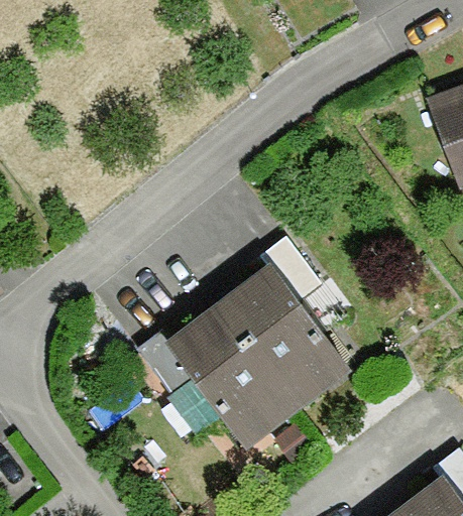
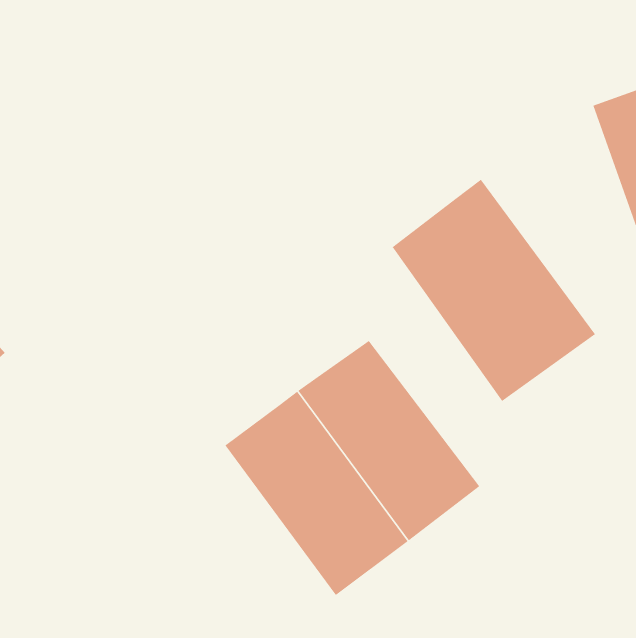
building: none -> [392,179,596,402]

